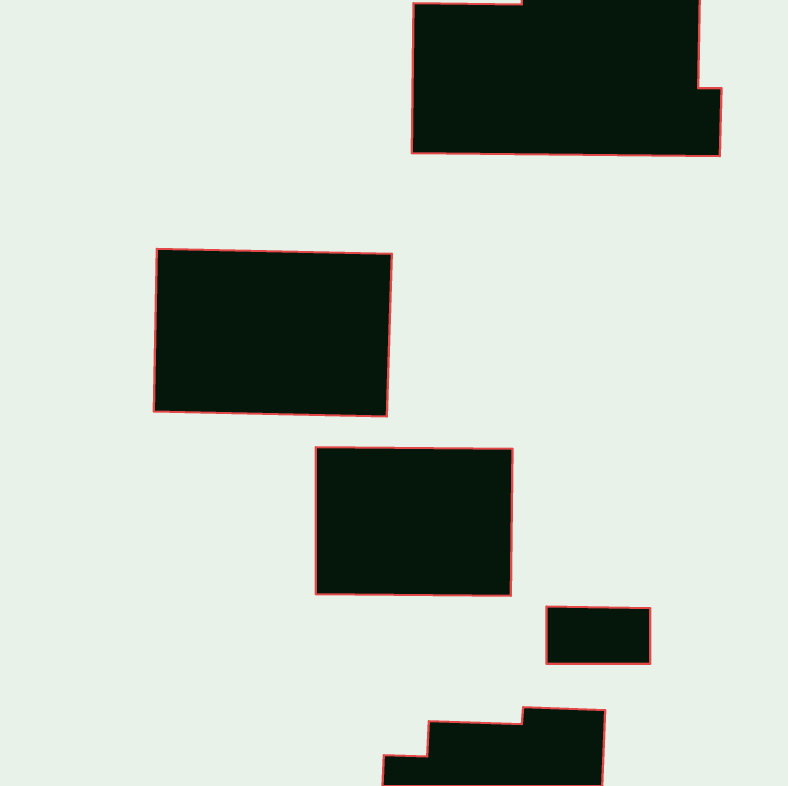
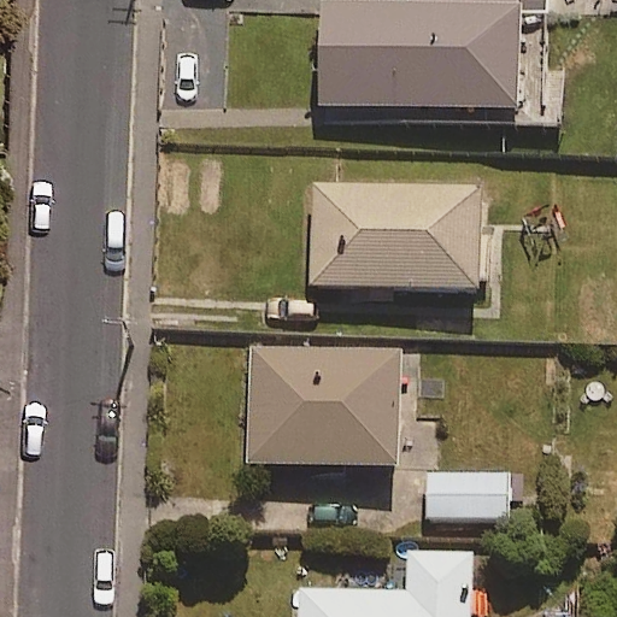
building: none -> [311,183,480,287]
building: [154,249,392,416] -> none

